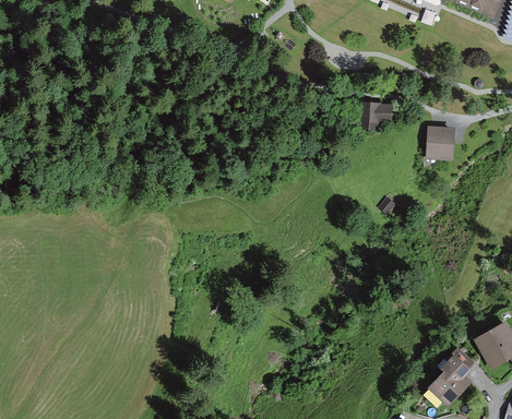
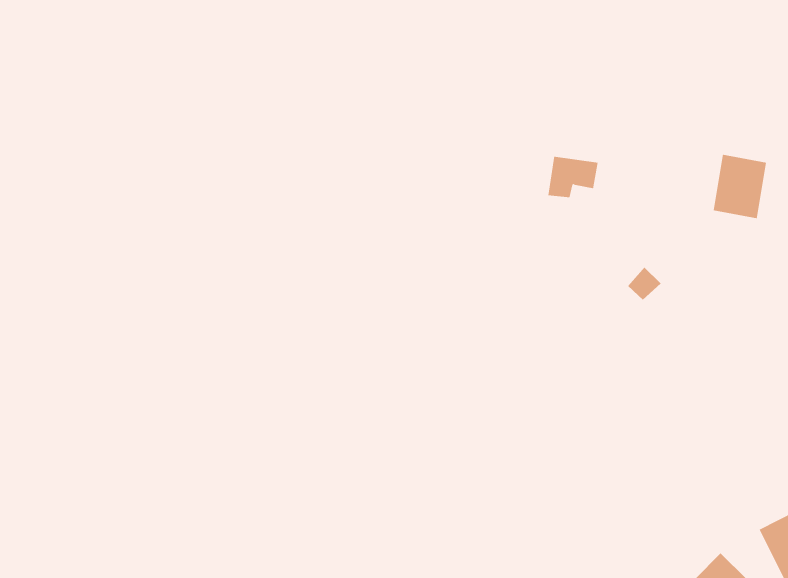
building: [367,105,394,128] -> [547,156,598,198]

